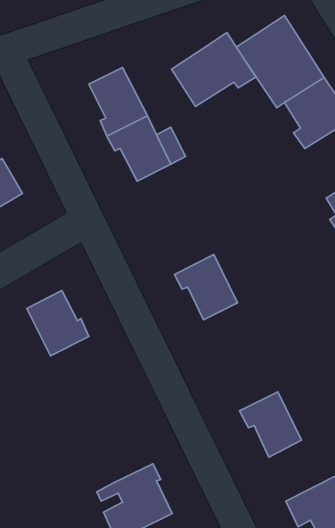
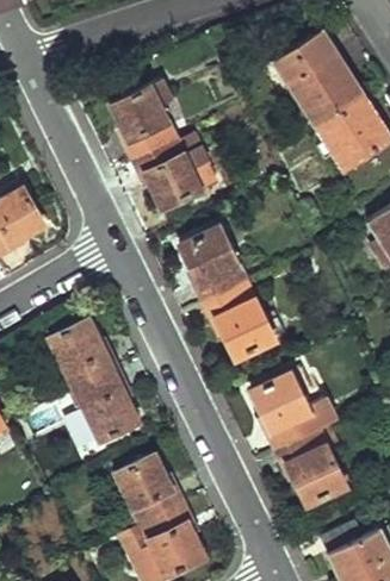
building: [171,32,256,106] -> none
building: none -> [186,232,247,305]
building: none -> [74,370,136,439]
building: none -> [256,376,336,449]
building: none -> [117,457,182,525]

